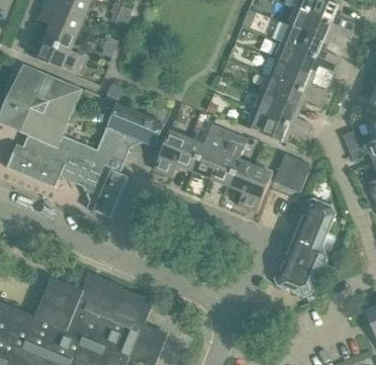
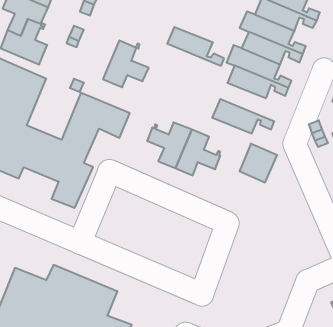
building: [254,92,310,130] -> [167,27,224,66]
building: [153,129,198,176] -> [103,40,149,87]
building: [226,161,272,211] -> none
building: [273,197,335,296] -> none

